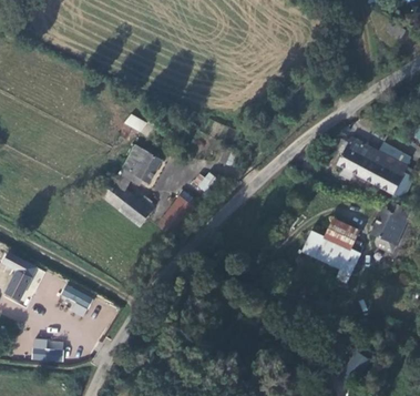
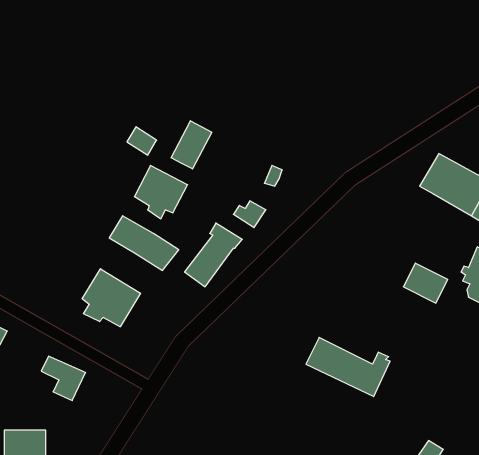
building: none -> [171,121,212,169]
building: none -> [82,269,141,327]
building: [301,229,365,273] -> [306,337,390,397]

